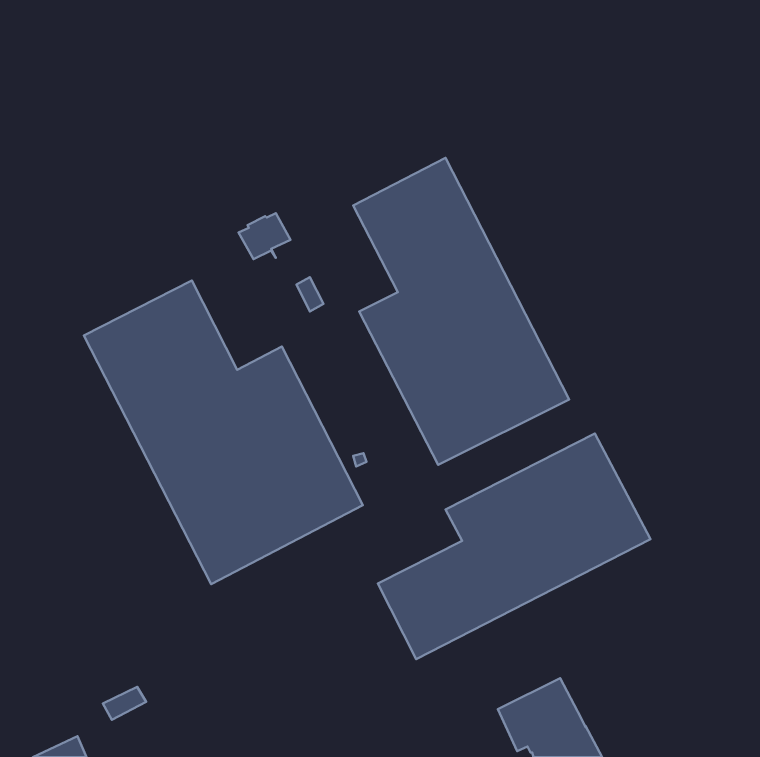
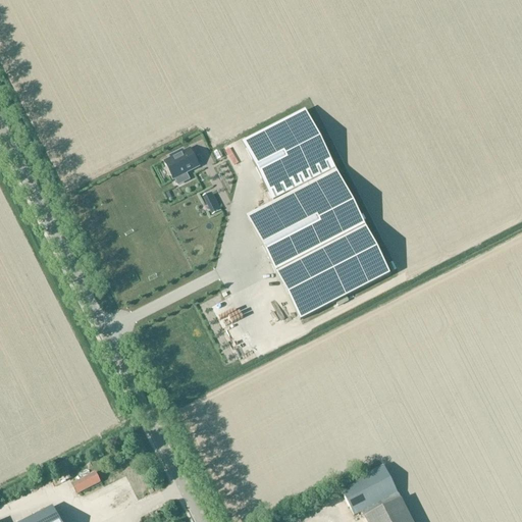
building: [84,281,363,584] -> none
building: [378,434,650,659] -> none

